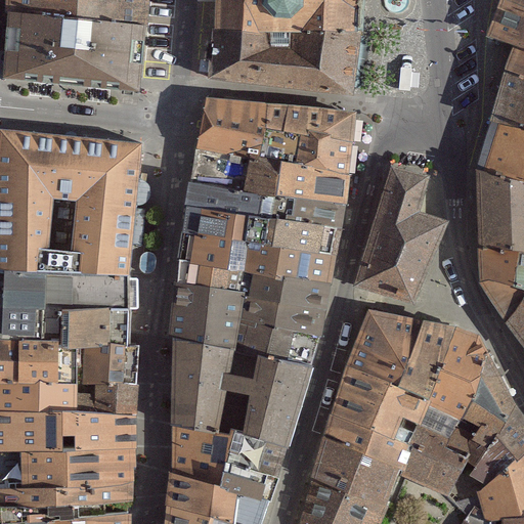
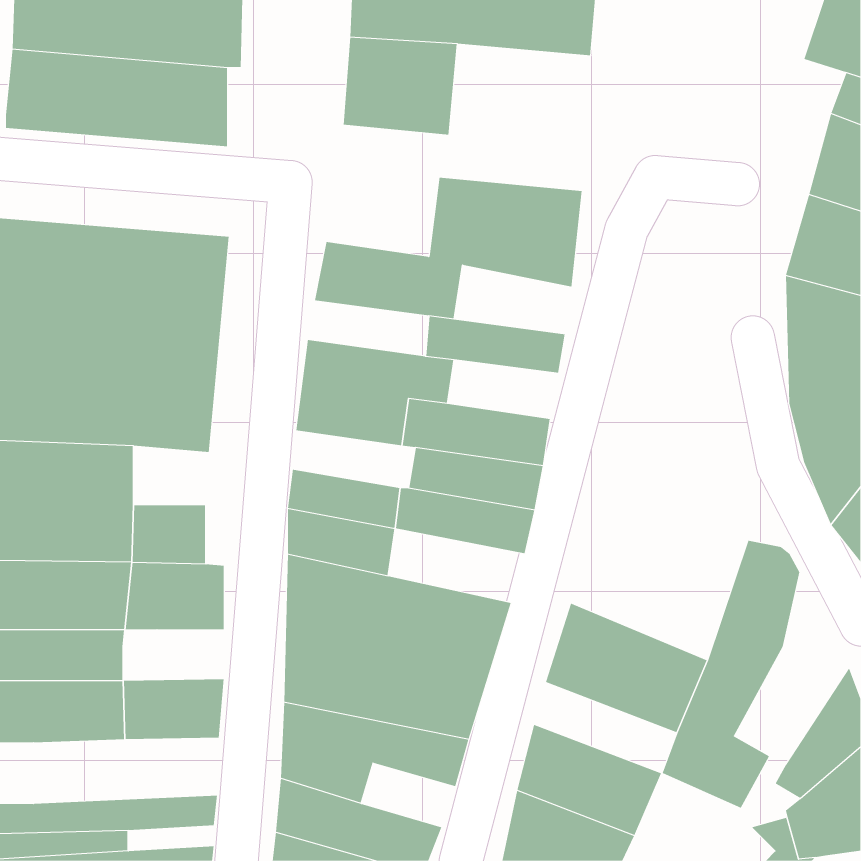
building: [272,27,358,89] -> none
building: [198,101,266,156] -> none
building: [275,161,347,203] -> none
building: [357,166,443,299] -> none
building: [186,182,260,216] -> none
building: [271,218,339,254] -> none
building: [177,261,252,296] -> none
building: [81,270,127,306] -> none
building: [346,310,453,400] -> none
building: [235,320,318,365] -> none
building: [445,347,515,464] -> none
building: [75,382,136,412] -> none
building: [323,413,410,469] -> none
building: [20,447,133,487] -> none
building: [219,463,276,501] -> none

